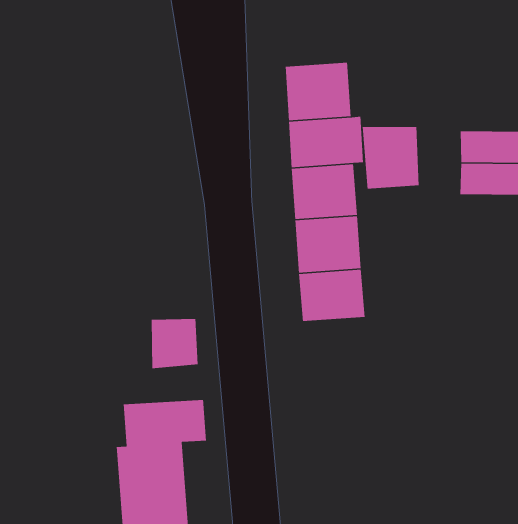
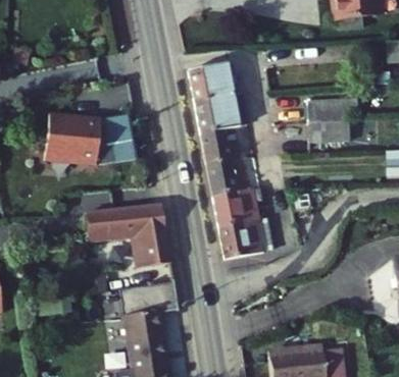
building: none -> [34,112,128,167]
building: [362,126,420,189] -> none
building: none -> [78,208,153,240]
building: none -> [220,222,273,260]

